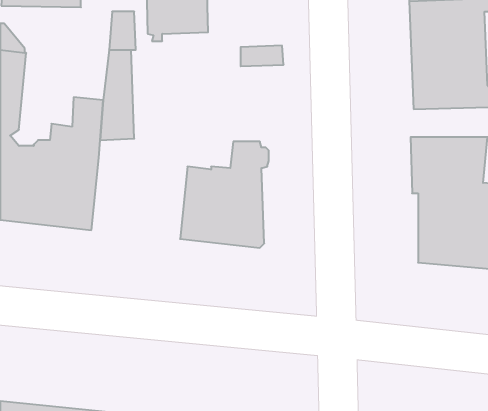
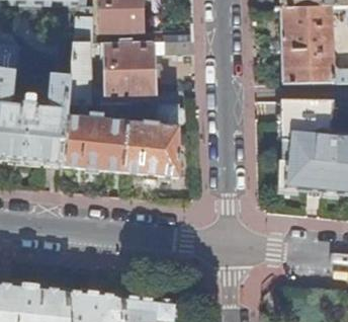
building: none -> [106,39,153,93]
building: none -> [63,112,128,171]

